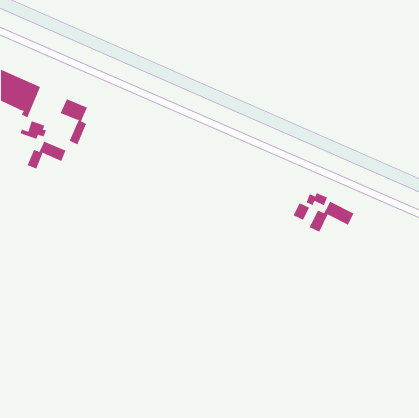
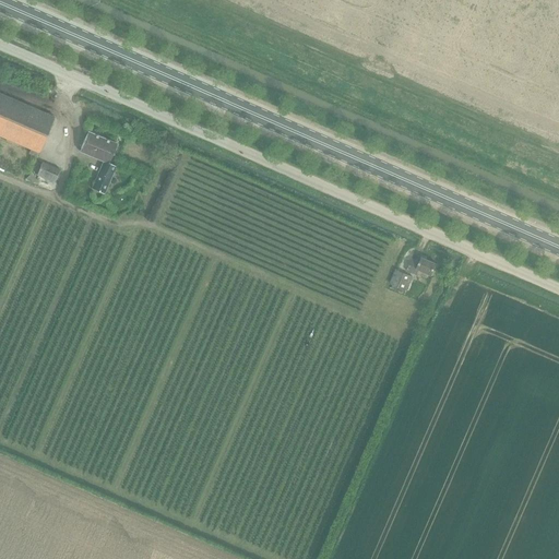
building: [27,141,66,169] -> none
building: [309,201,354,233] -> none

